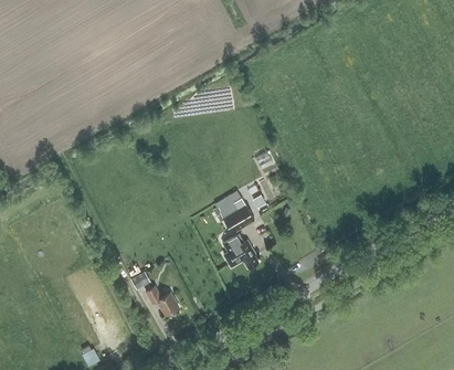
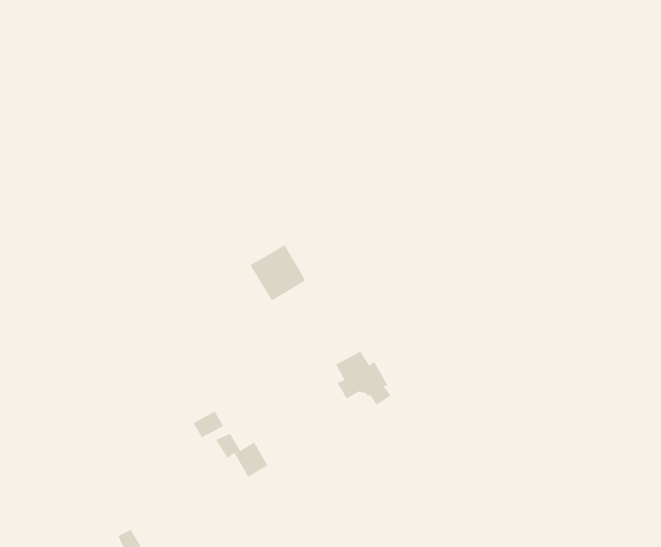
building: [218,197,254,233] -> [249,245,306,301]

